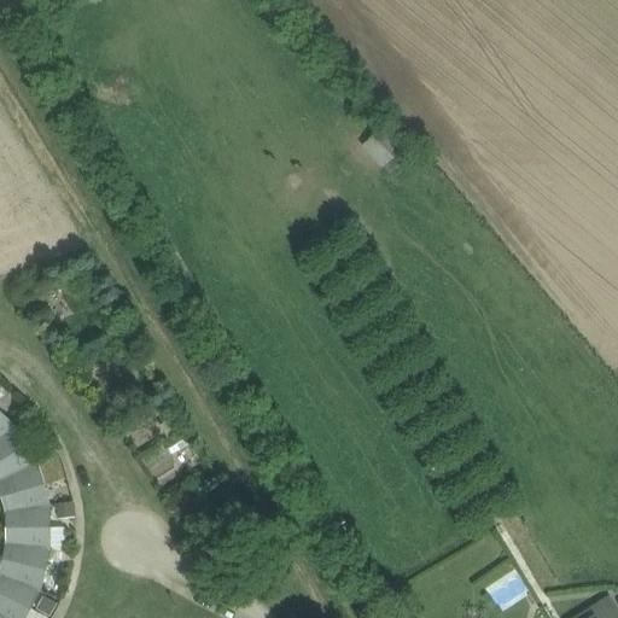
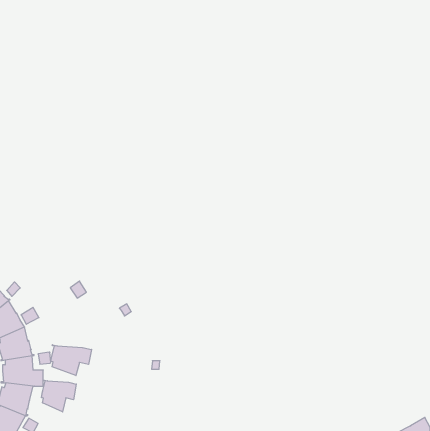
building: none -> [51,345,92,376]
building: none -> [41,380,76,412]

